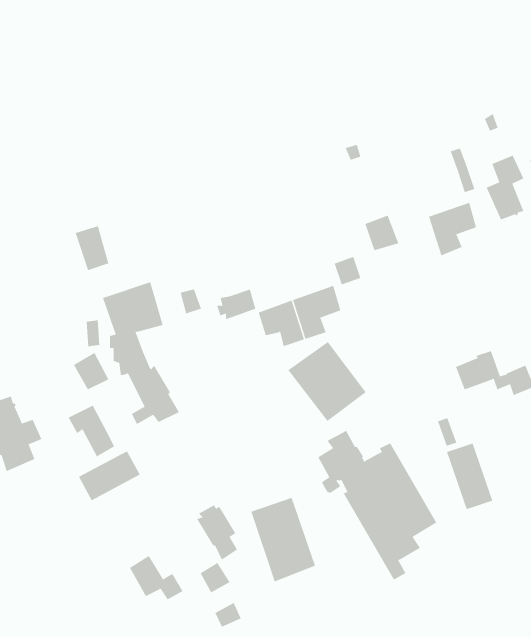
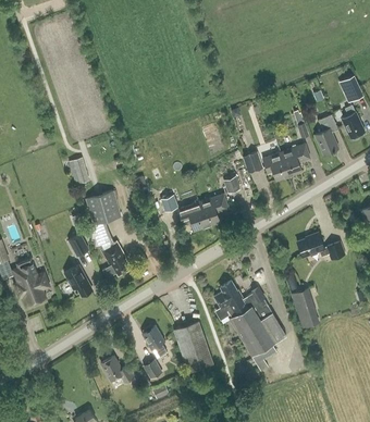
building: none -> [262,152,288,181]
building: [287,341,367,422] -> none
building: [78,450,141,501] -> none

